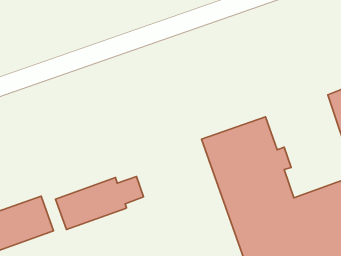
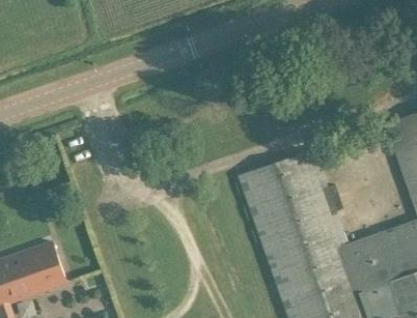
building: [56,176,143,230] -> none

